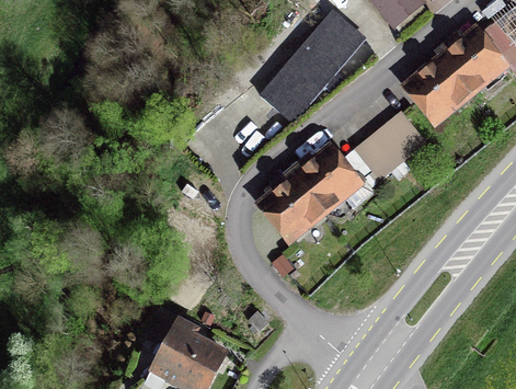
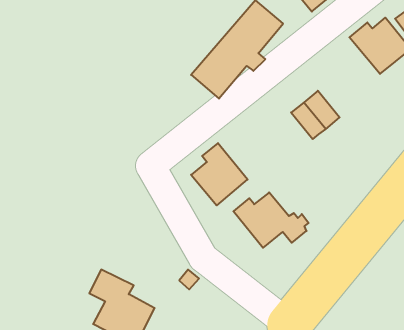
building: [408,59,471,121] -> none
building: [357,136,410,179] -> none
building: [291,149,375,210] -> [233,192,309,248]

